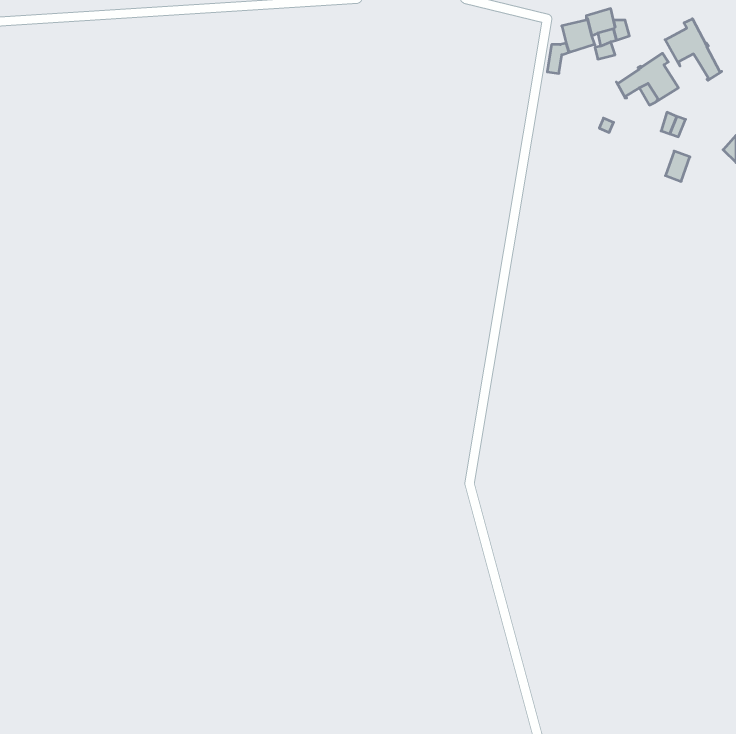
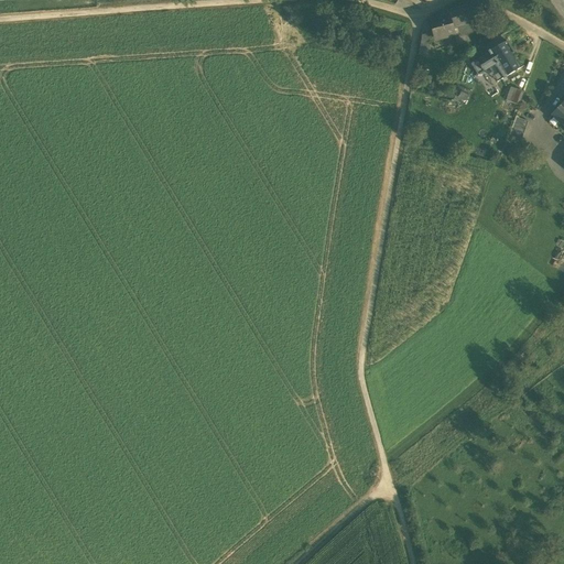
building: [665,19,722,80] -> none

